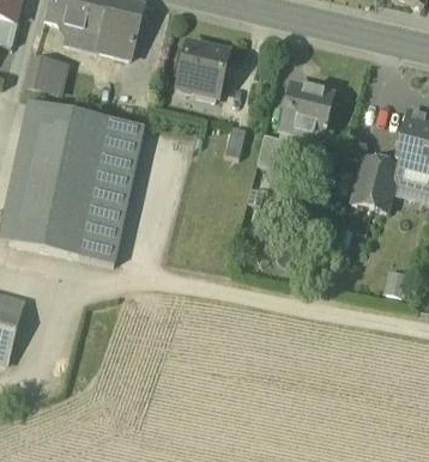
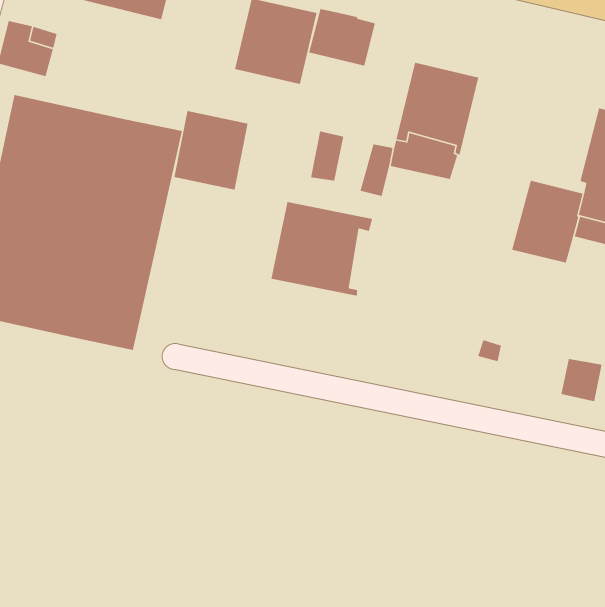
building: none -> [308,8,376,66]
building: none -> [173,110,249,190]
building: none -> [271,201,373,297]

